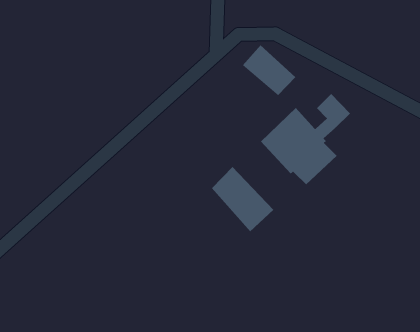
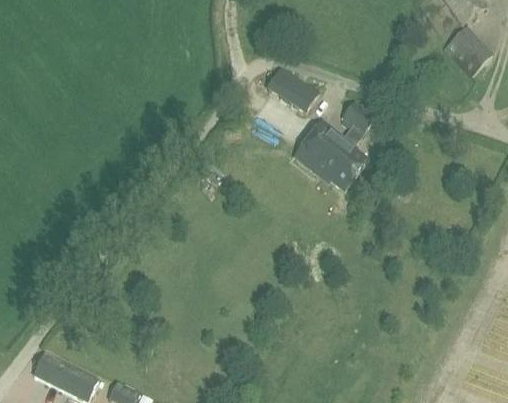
building: [211,166,274,232] -> none

